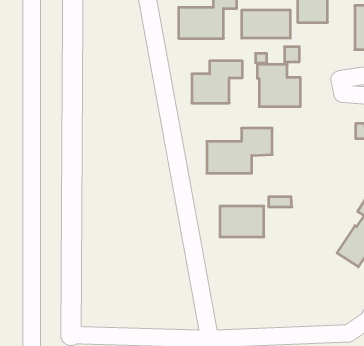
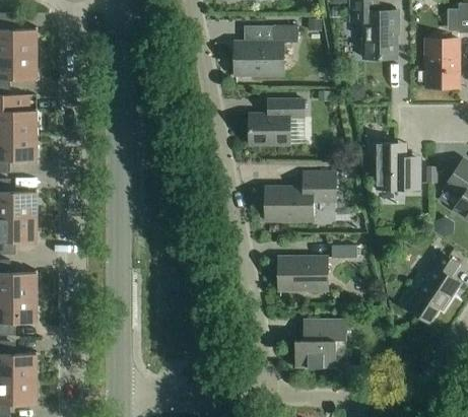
building: [242,10,290,38] -> none
building: [257,64,300,107] -> [374,143,420,189]
building: none -> [294,319,346,368]

